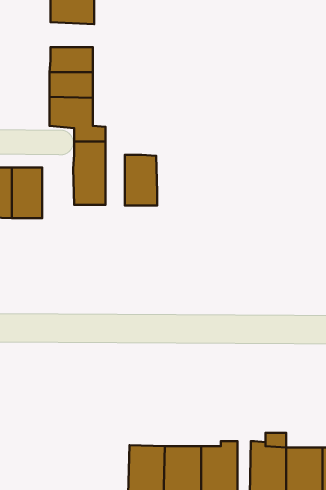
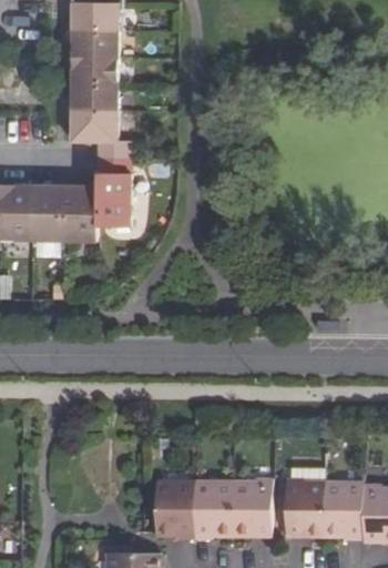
building: none -> [71,30,118,57]
building: [125,155,157,206] -> [62,185,96,240]

